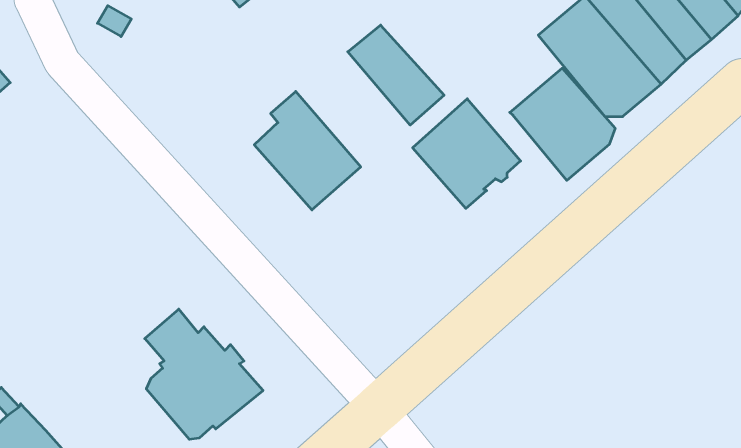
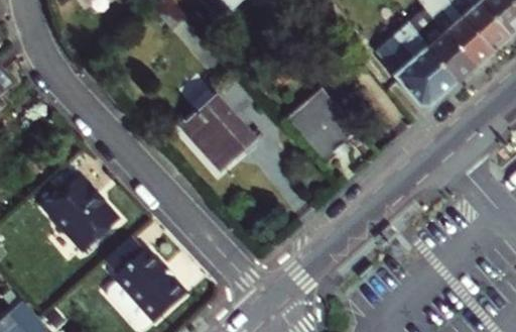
building: [348,25,444,125] -> none
building: [510,68,615,180] -> none
building: none -> [45,173,120,248]

